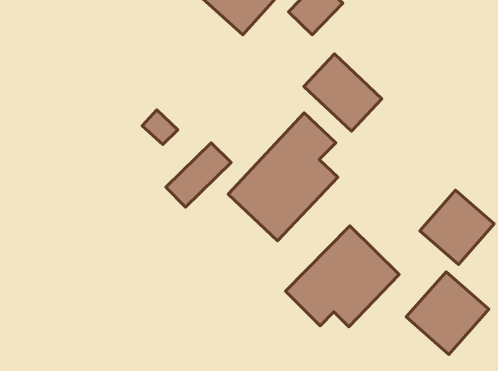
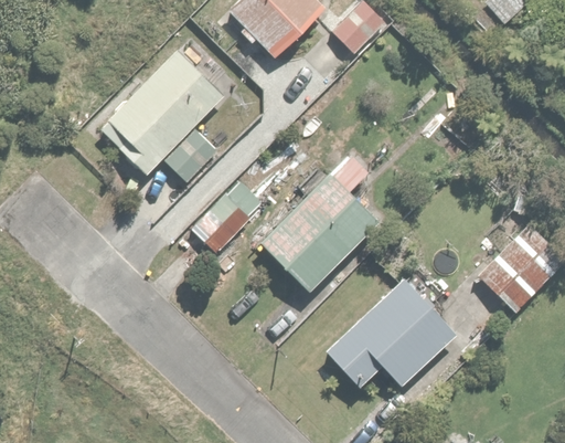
building: none -> [98,48,225,173]
building: [304,54,382,131] -> none
building: [406,272,489,354] -> none

